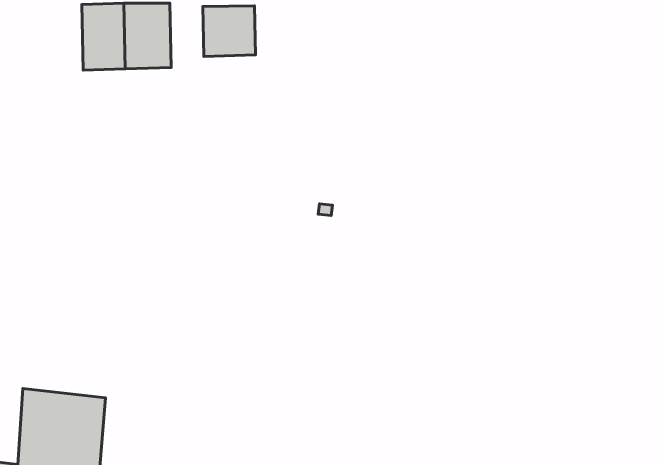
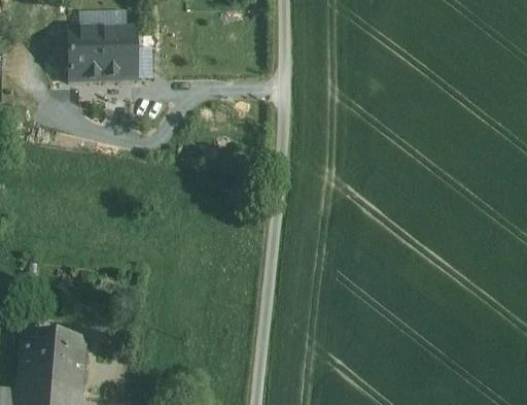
building: [203,6,255,56] -> none

